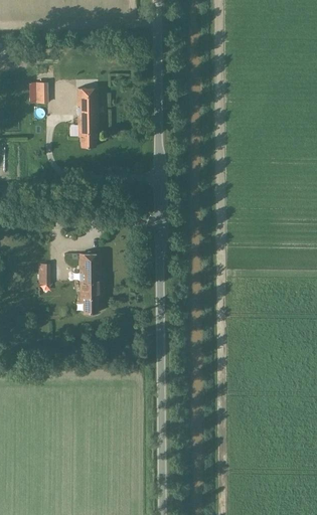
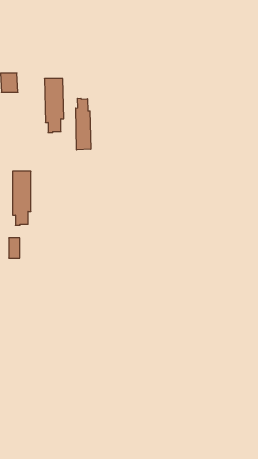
building: none -> [76,98,91,150]
building: [82,254,102,314] -> [13,171,31,225]

